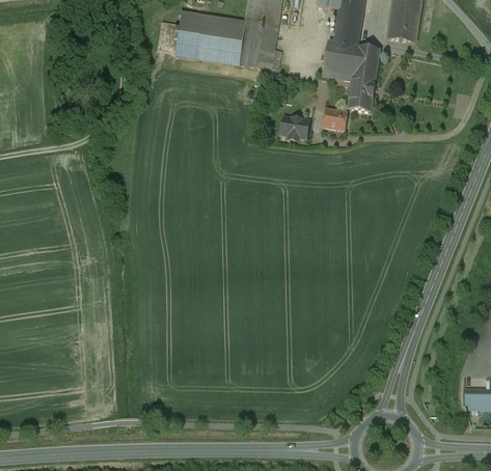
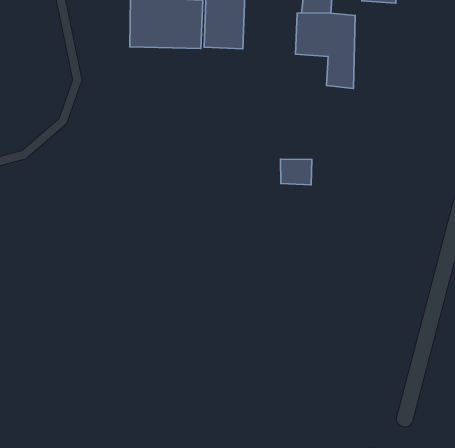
building: [321,111,347,133] -> none
building: [281,115,311,141] -> [281,159,312,185]

